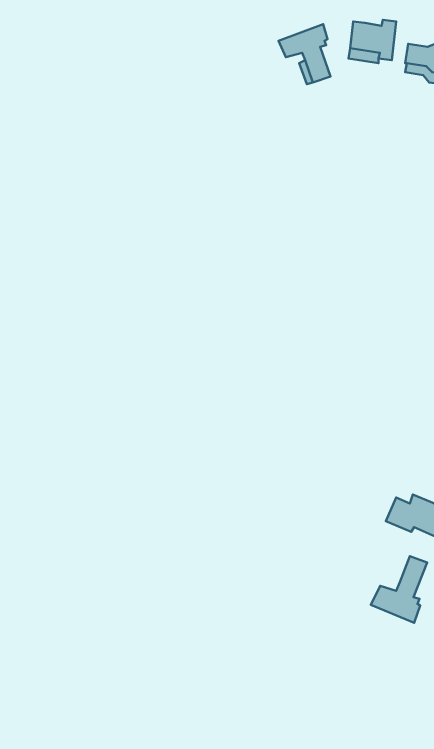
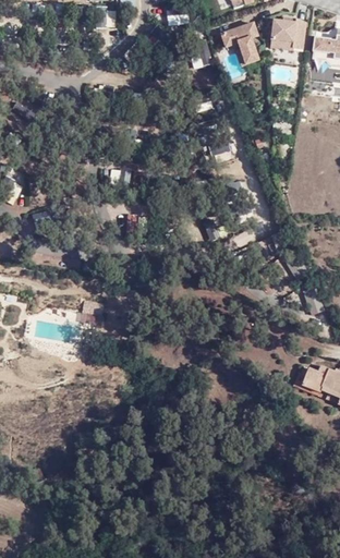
building: [371,556,427,623] -> none

